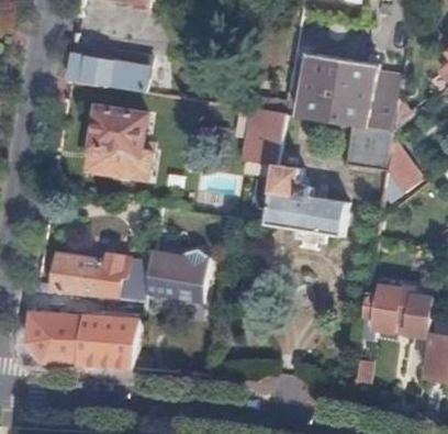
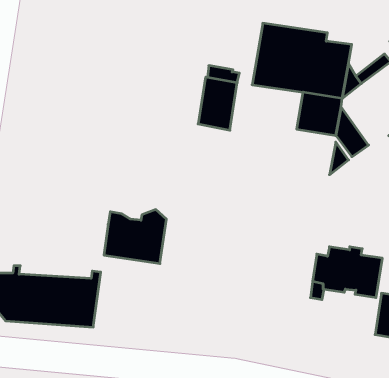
building: [66,45,150,91] -> none
building: [89,109,149,177] -> none
building: [265,164,345,235] -> none
building: [52,254,148,300] -> none

